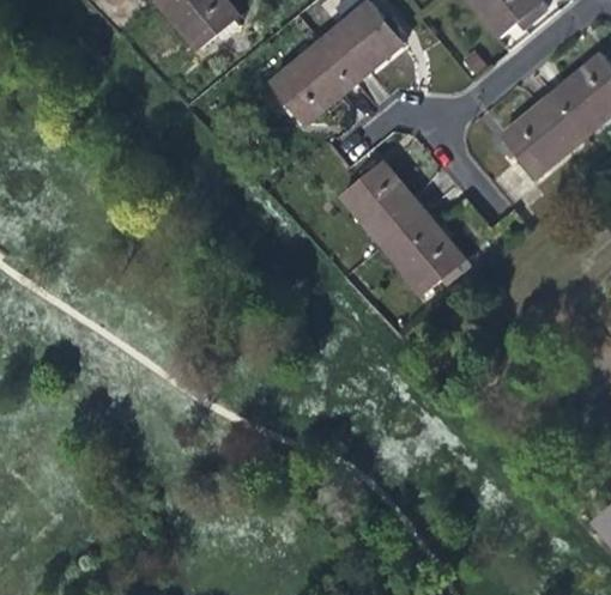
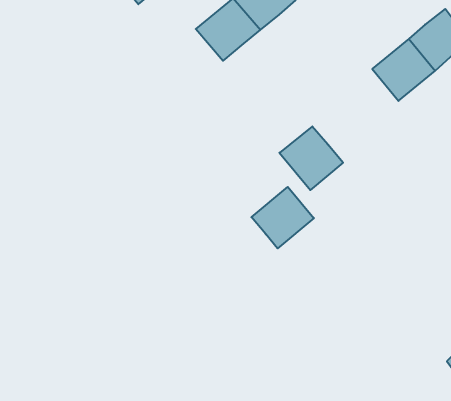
building: [340,162,423,244] -> none
building: none -> [251,187,314,248]

